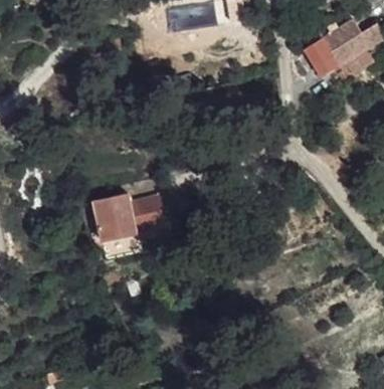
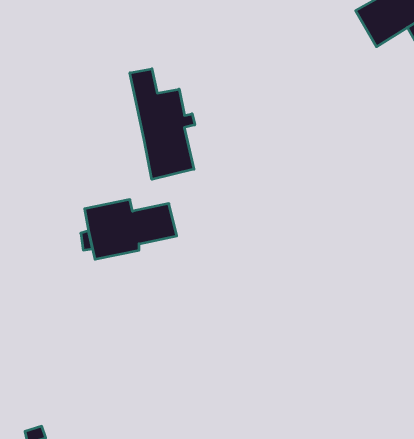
building: none -> [130,69,195,179]

